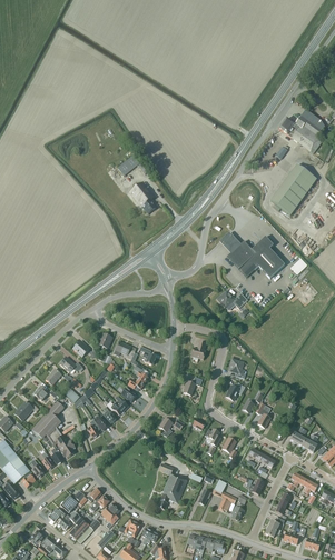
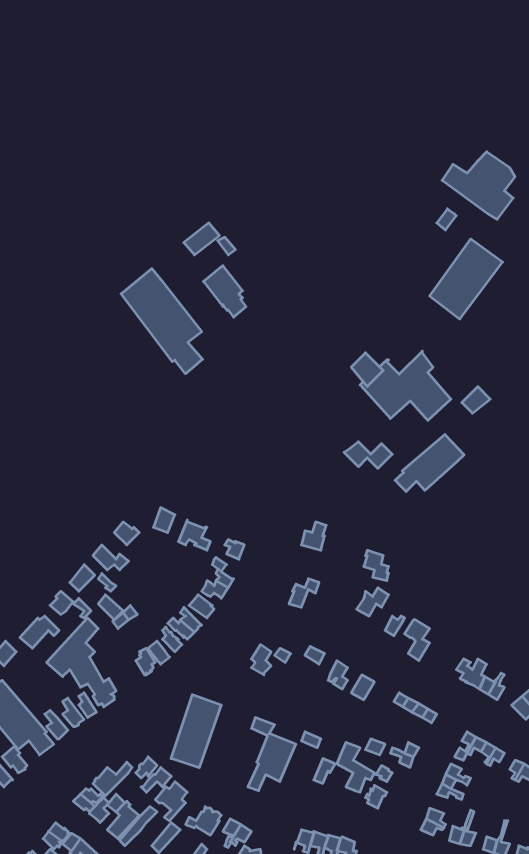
building: none -> [121,269,203,374]
building: none -> [395,434,464,492]
building: none -> [171,695,221,768]

